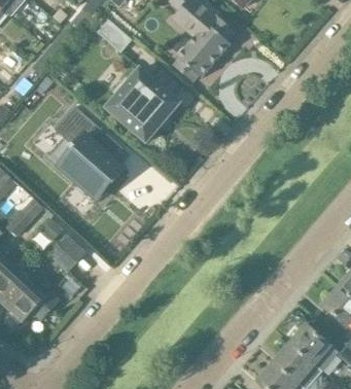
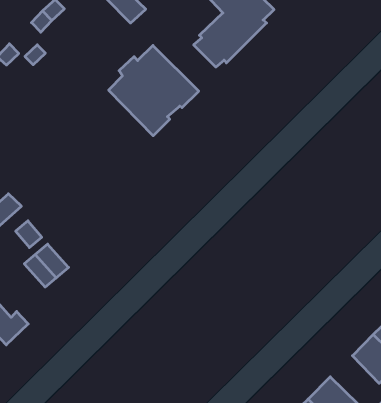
building: [46,105,124,194] -> none

